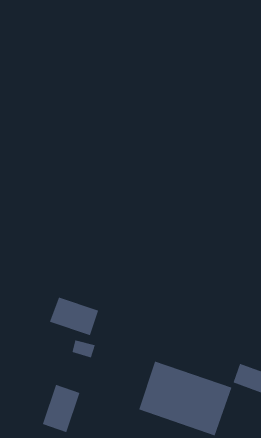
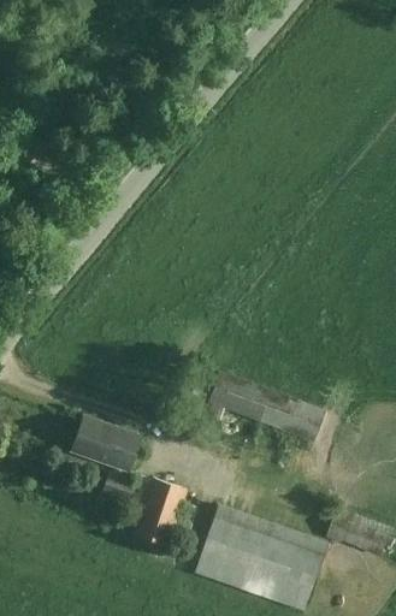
building: none -> [208,372,324,444]
building: [42,384,81,433] -> [132,478,187,546]

